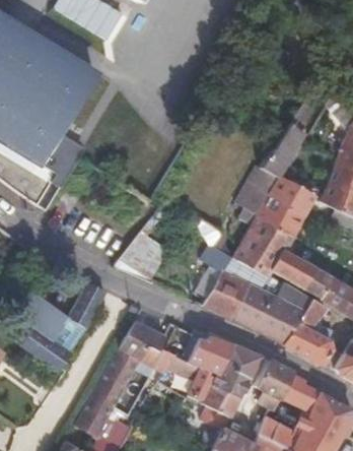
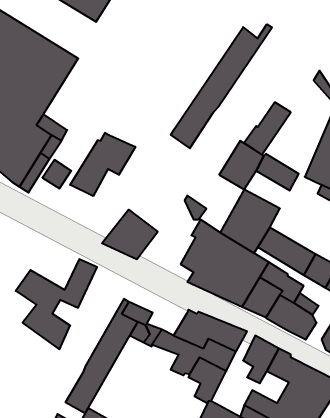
building: none -> [171,24,272,148]
building: none -> [70,133,135,196]
building: [259,191,305,230] -> none

